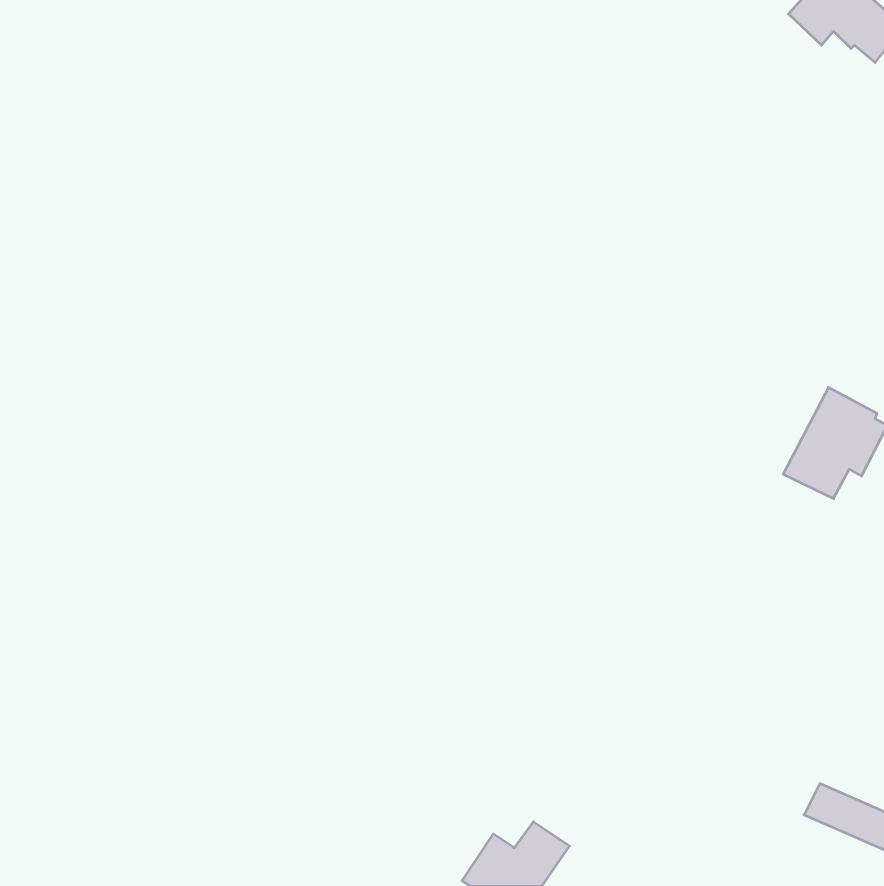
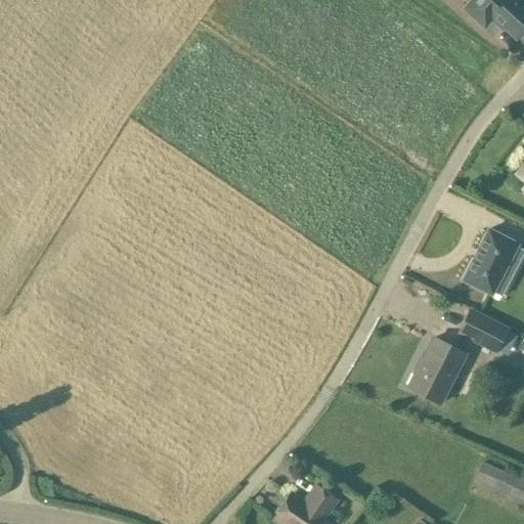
building: none -> [460,309,508,350]
building: none -> [409,337,468,403]

